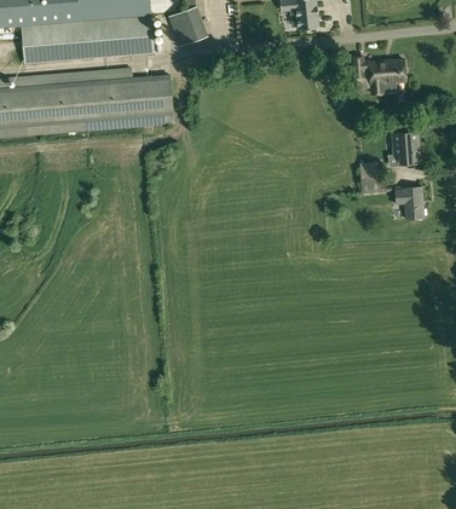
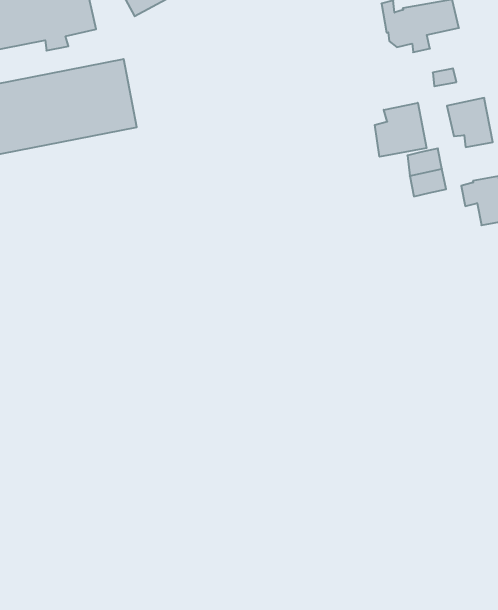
building: none -> [375,103,426,157]

